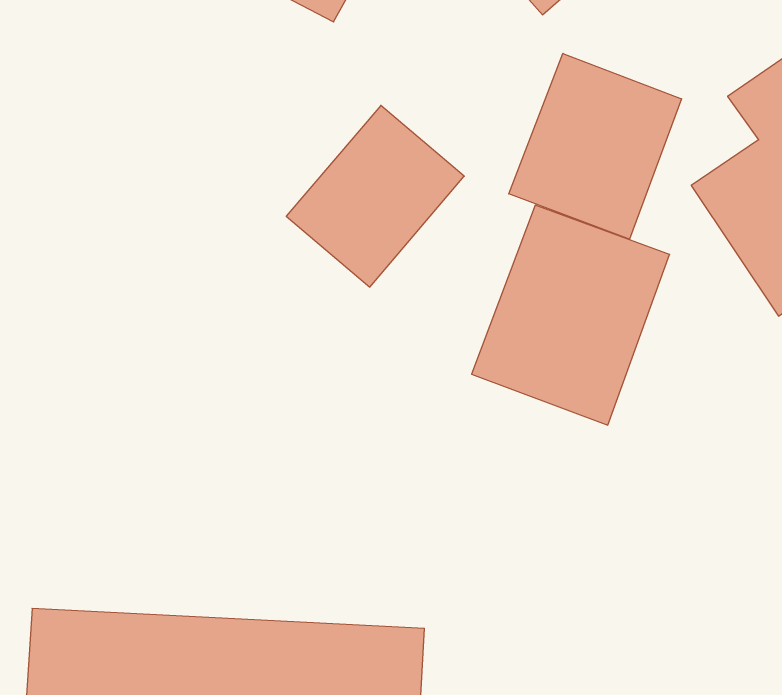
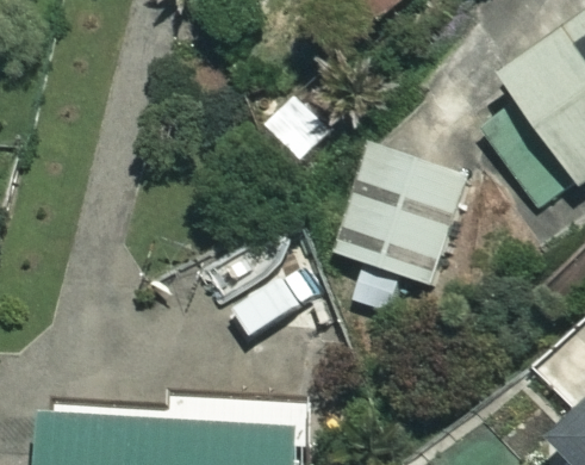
building: [509,53,682,239] -> none

